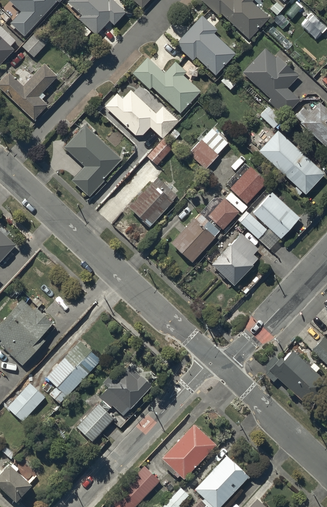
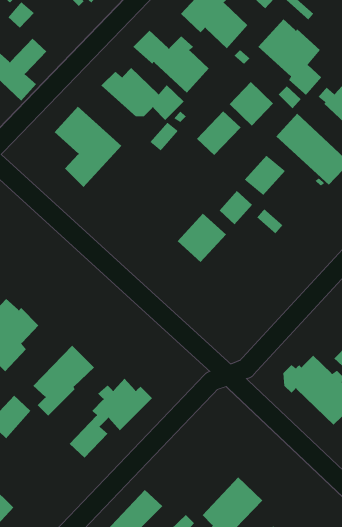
building: none -> [229,81,274,127]
building: [130,179,180,229] -> none
building: [254,196,301,242] -> none
building: [213,235,261,289] -> none
building: [162,422,217,478] -> none

